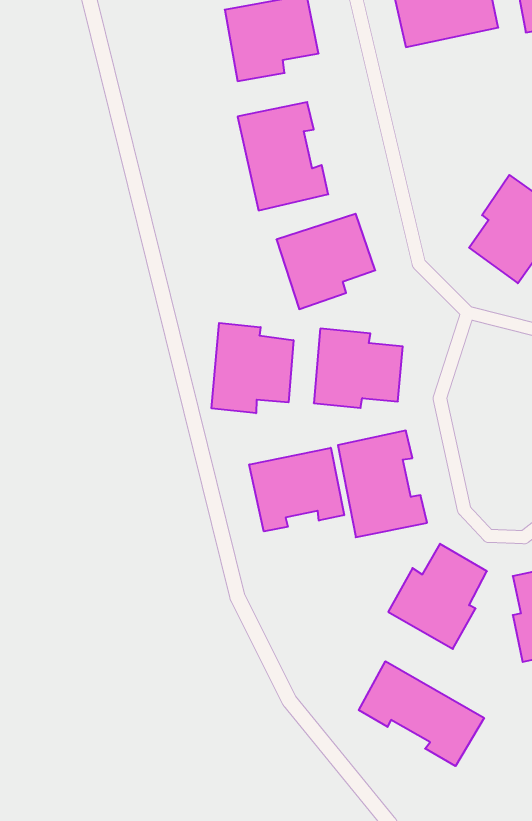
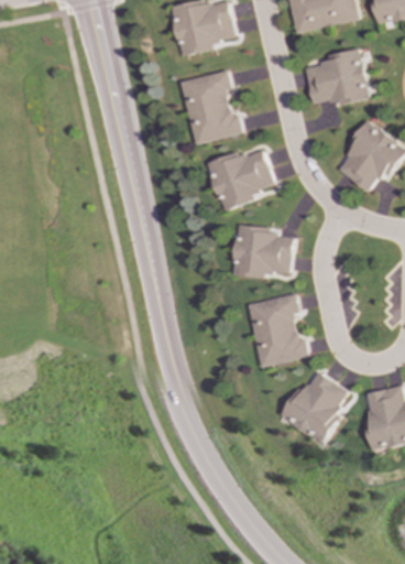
building: none -> [304,48,368,105]
building: [212,323,293,413] -> none
building: [249,448,344,531] -> none
building: [359,661,484,766] -> none

